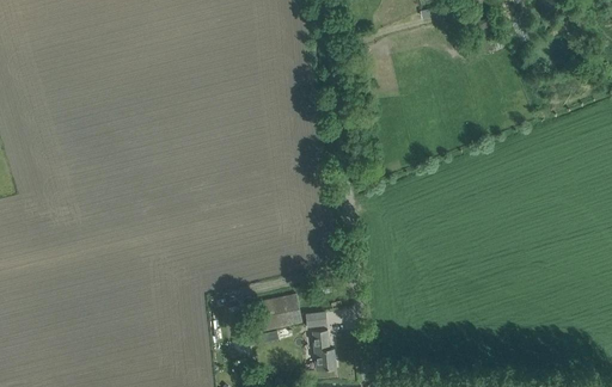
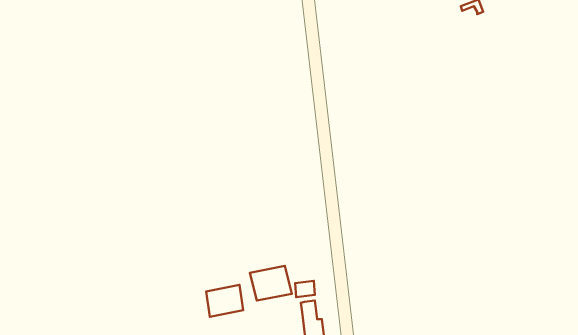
building: none -> [206,285,243,317]

